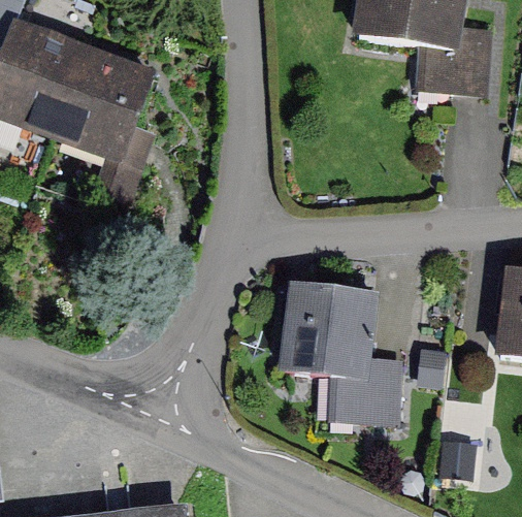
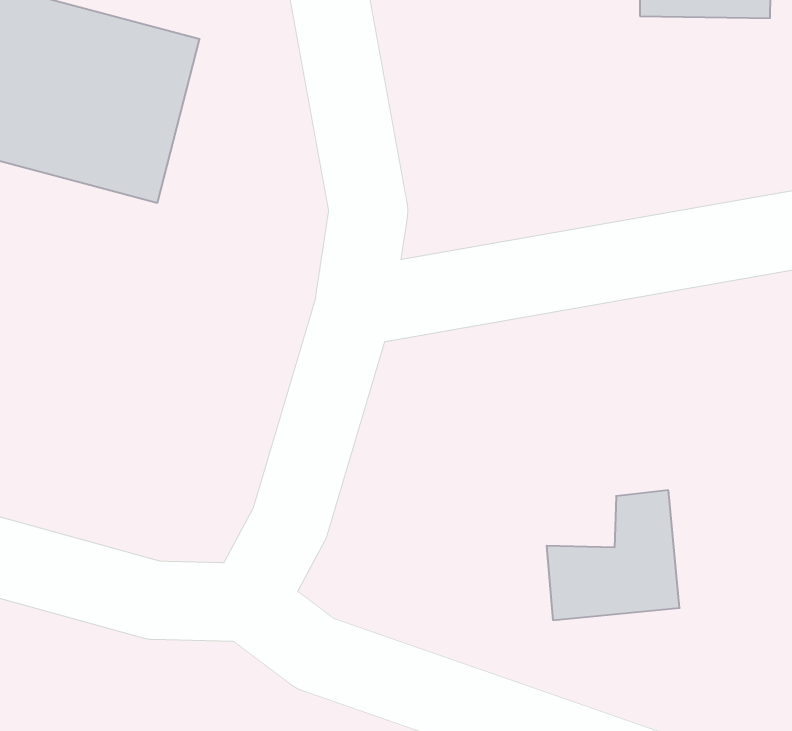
building: [274,284,377,387] -> none

